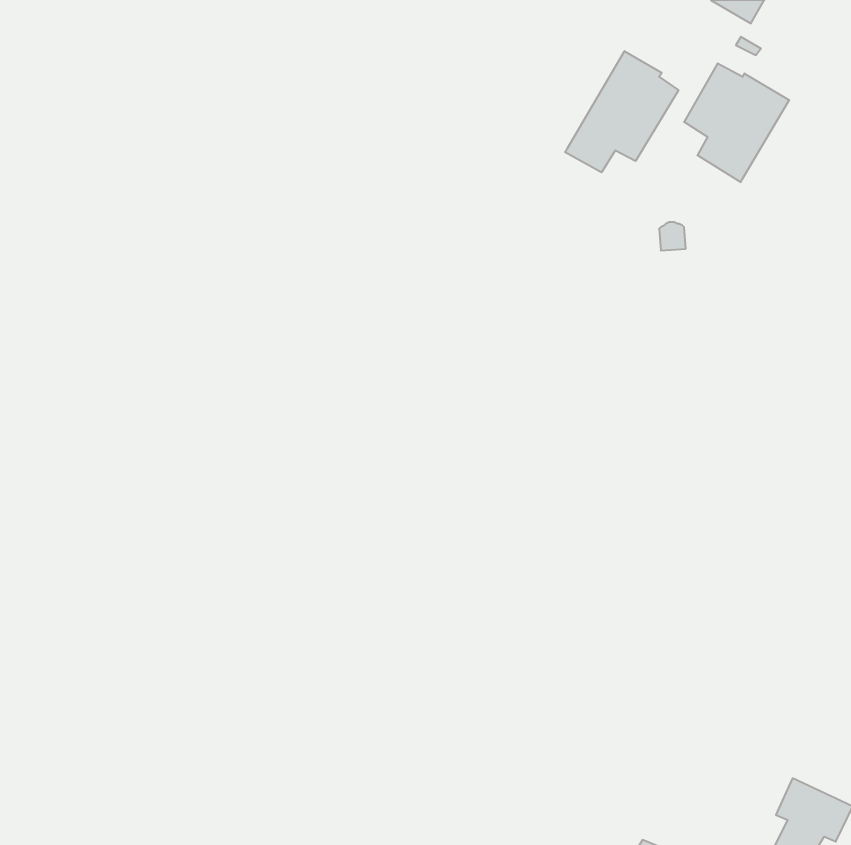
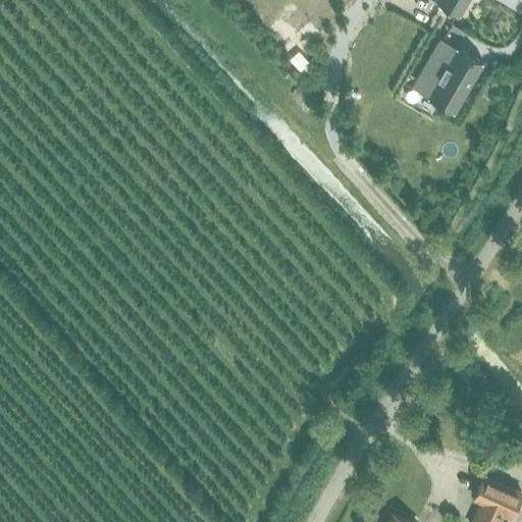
building: [565,51,678,172] -> none

